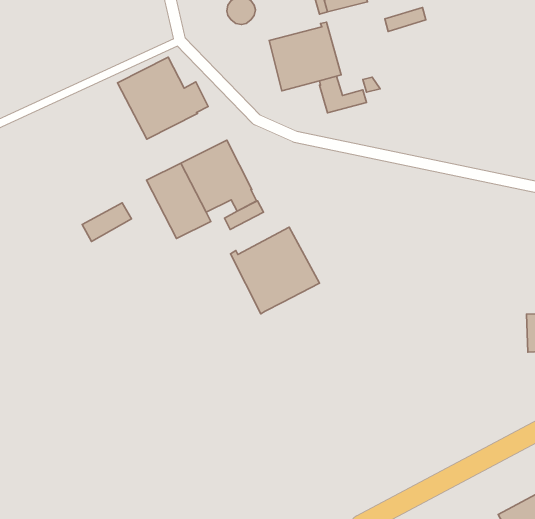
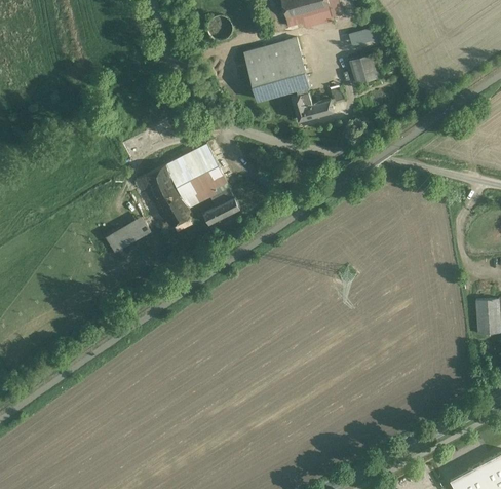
building: none -> [349,52,381,83]
building: [118,57,208,139] -> none
building: [82,203,131,242] -> [106,218,150,253]
building: [231,227,319,314] -> none

